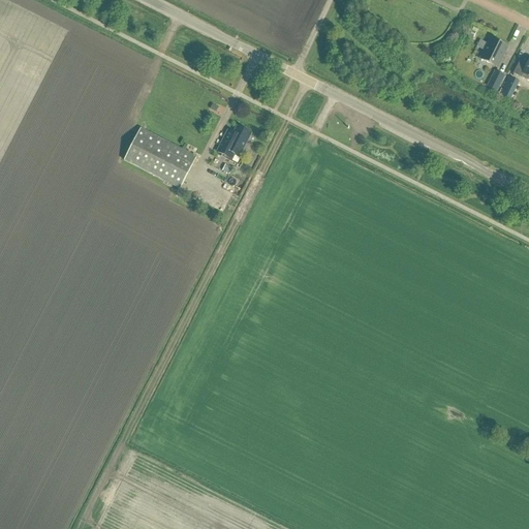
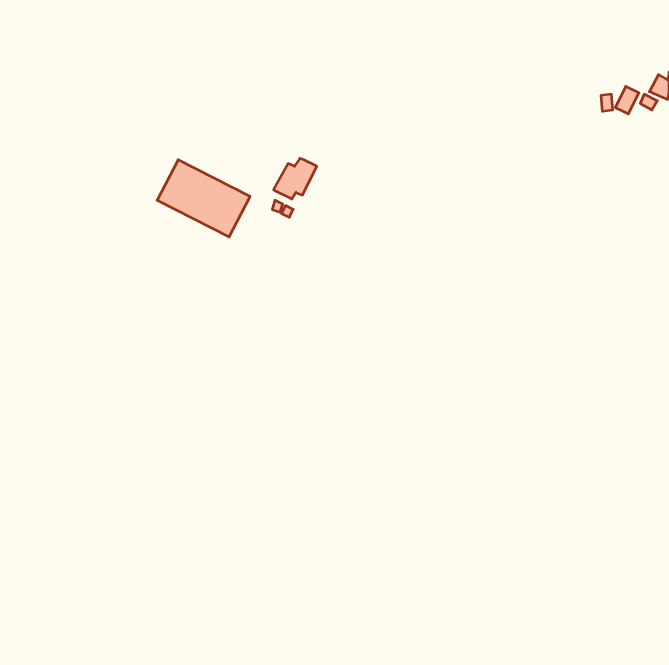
building: [480,37,506,65] -> none

